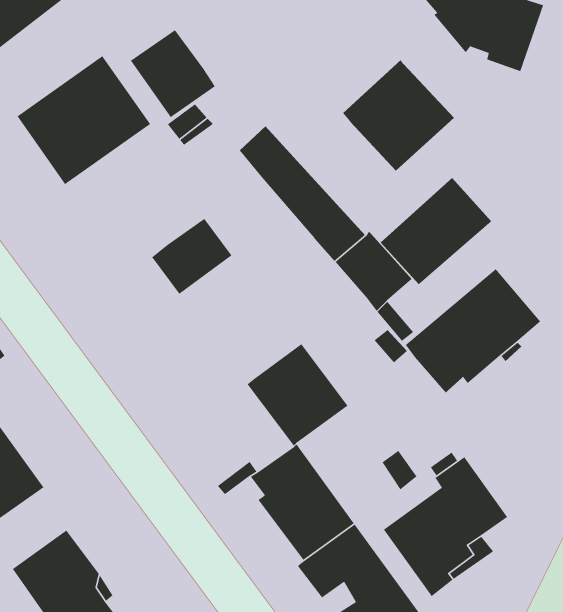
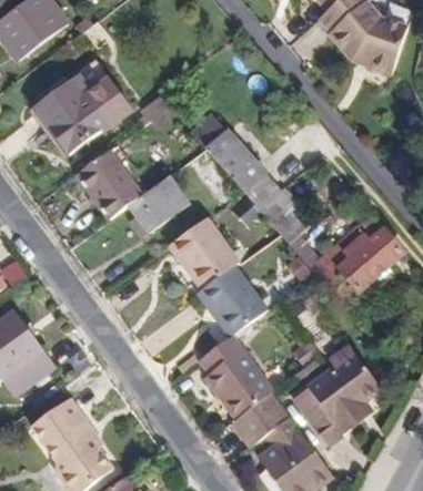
building: [130,29,216,118] -> none
building: [342,59,455,172] -> none
building: [380,177,492,285] -> none
building: none -> [78,151,140,217]
building: none -> [169,218,240,289]

